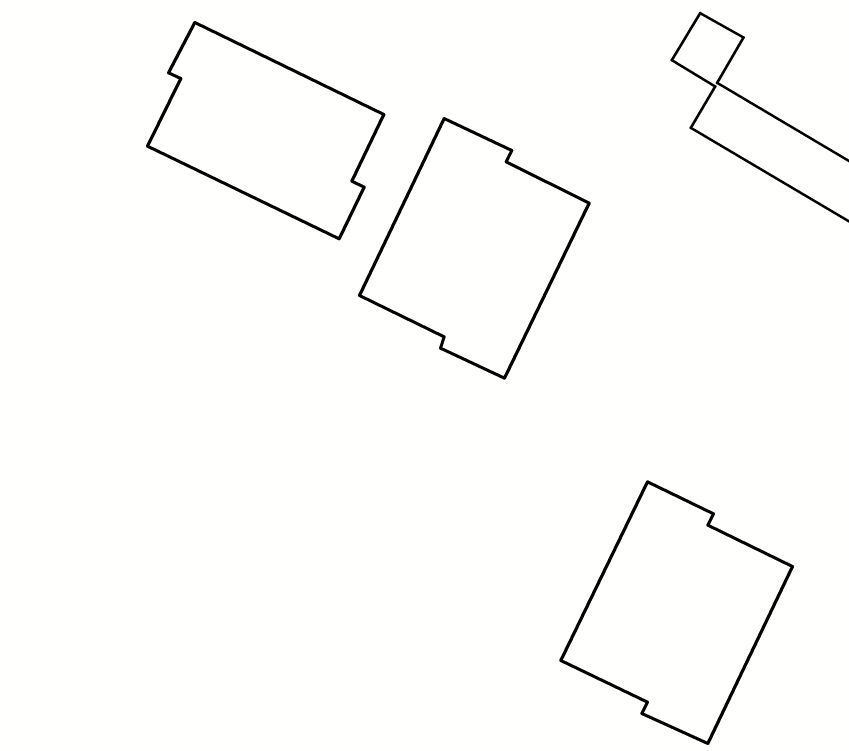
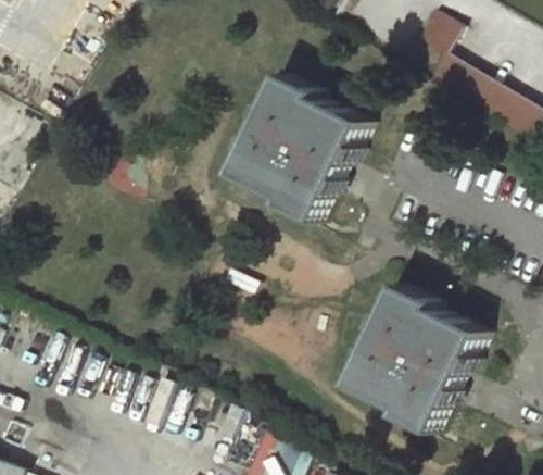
building: [148,22,384,239] -> none

